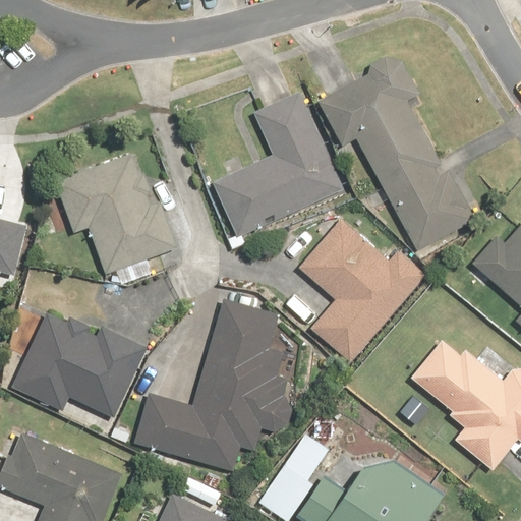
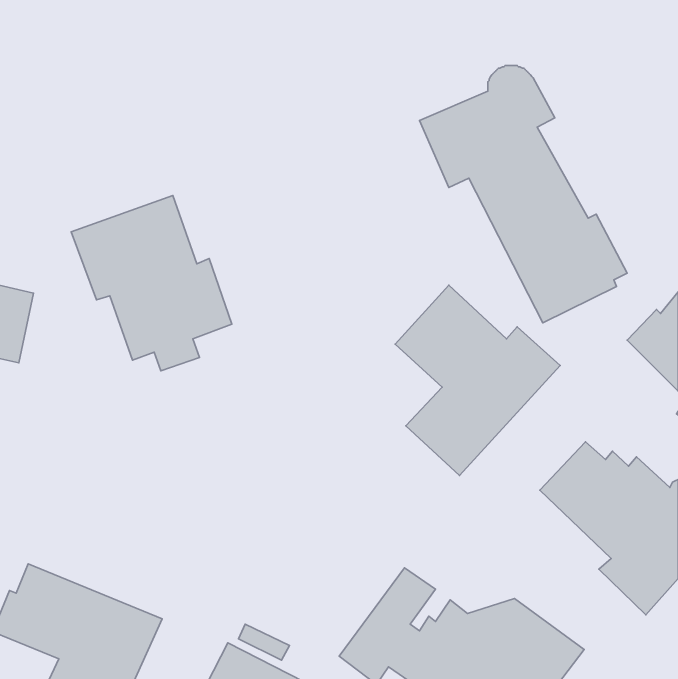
building: [213,93,344,238] -> none
building: [131,298,288,470] -> none
building: [7,314,147,421] -> none

